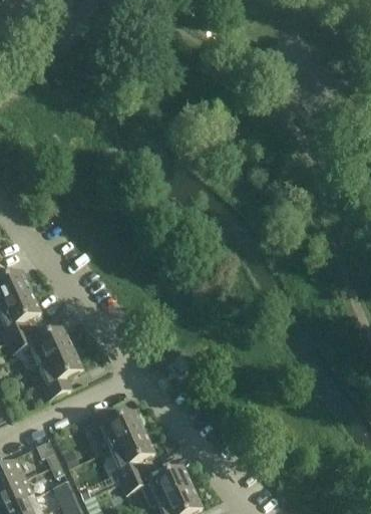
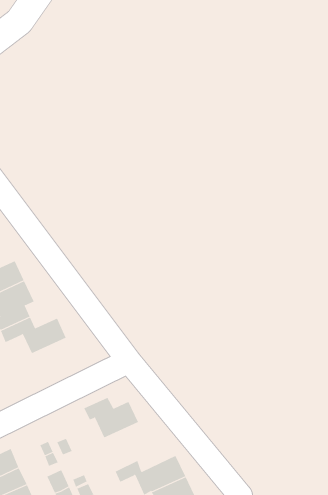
building: [36,346,81,397] -> none
building: [108,431,152,480] -> none

